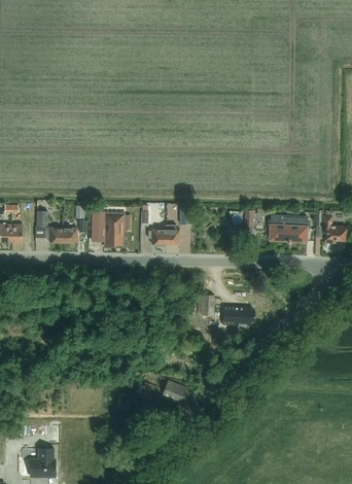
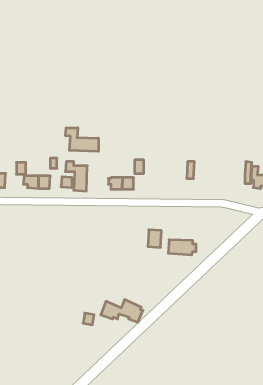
building: none -> [66,128,98,151]
building: [267,215,310,241] -> none
building: [29,448,55,477] -> none

